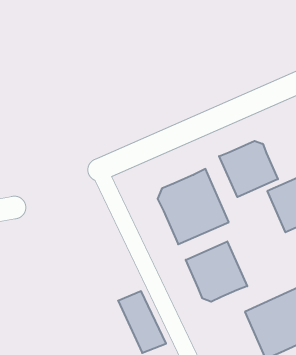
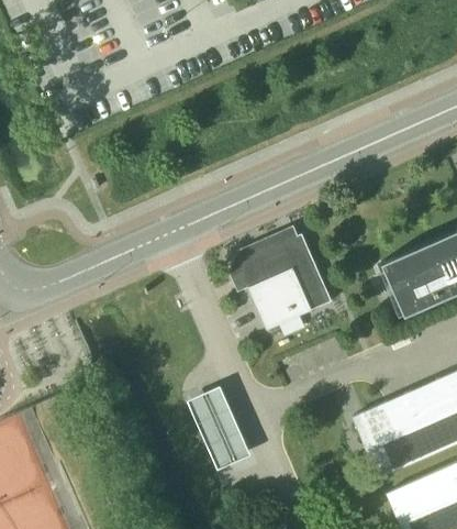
building: [219,141,278,197] -> none
building: [186,241,247,302] -> none

